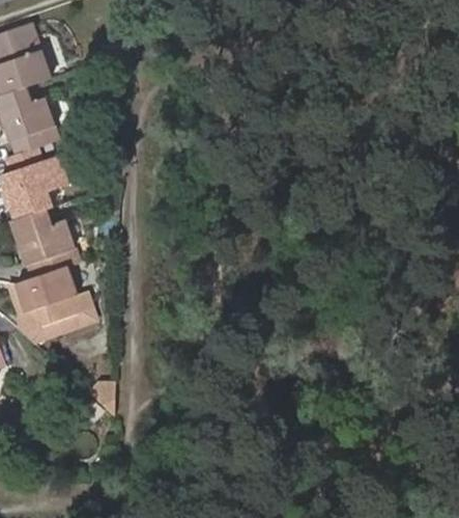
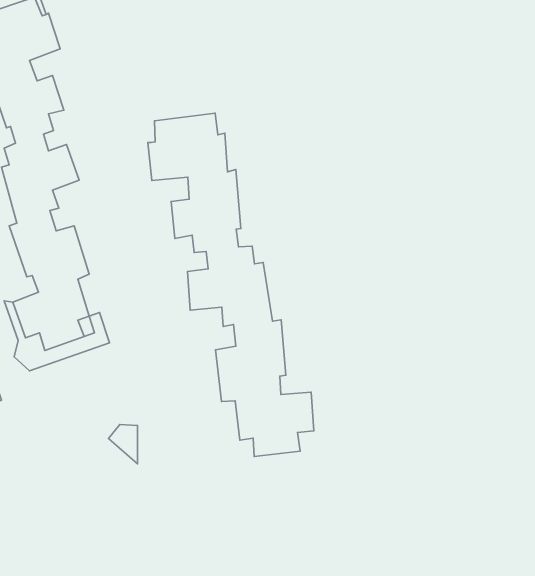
building: none -> [148,113,314,456]

